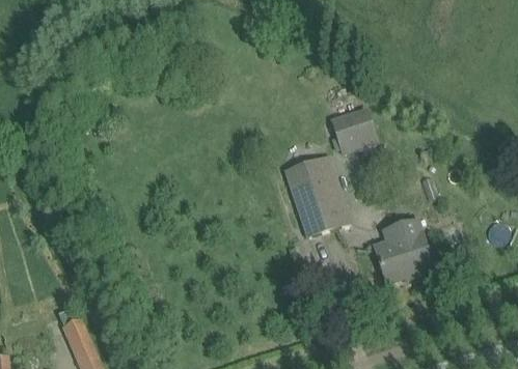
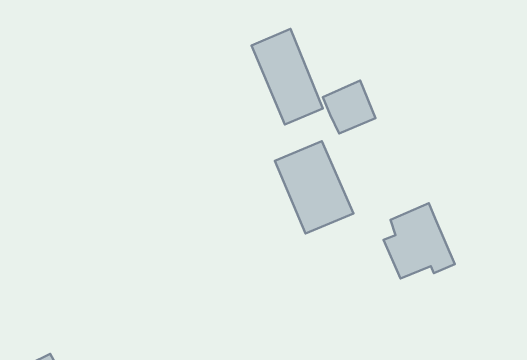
building: none -> [252,29,323,124]

